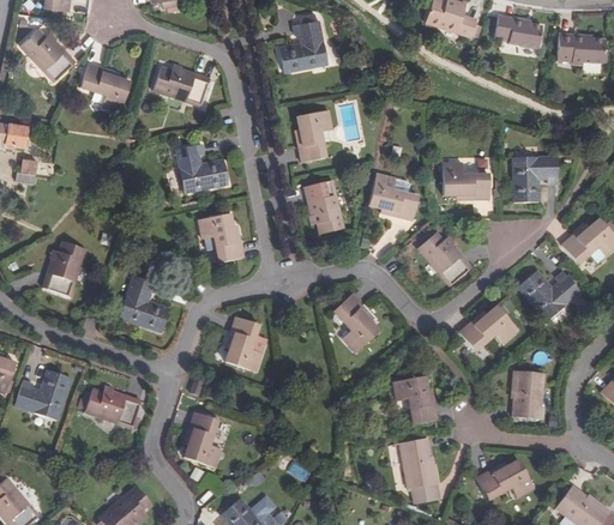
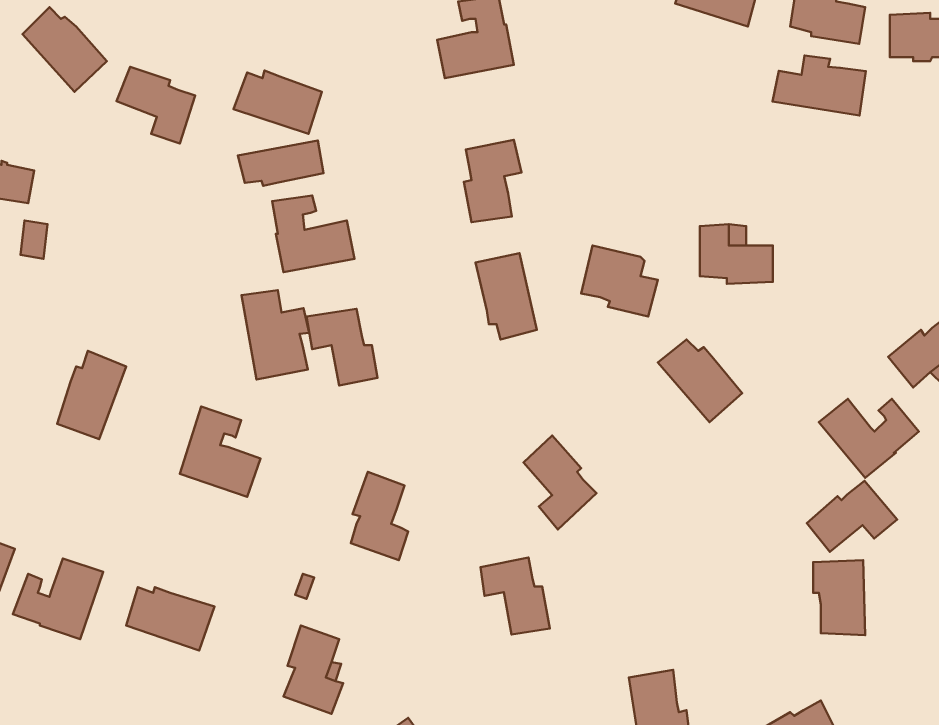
building: none -> [772,56,866,116]
building: none -> [238,140,324,186]
building: [514,155,559,200] -> none
building: none -> [242,290,309,380]
building: [460,304,517,349] -> [807,481,897,552]
building: [395,375,438,423] -> [481,558,550,634]

